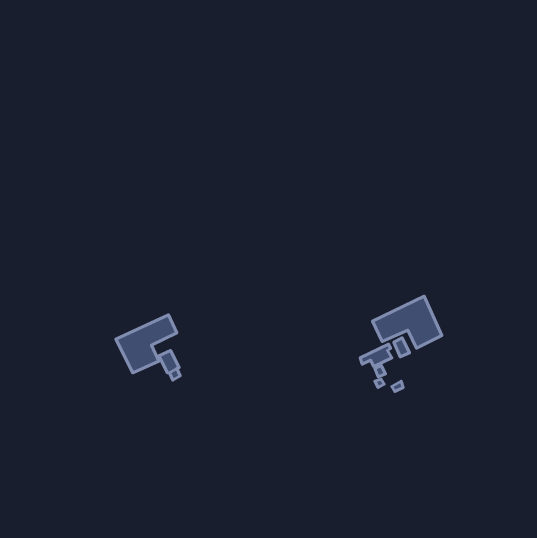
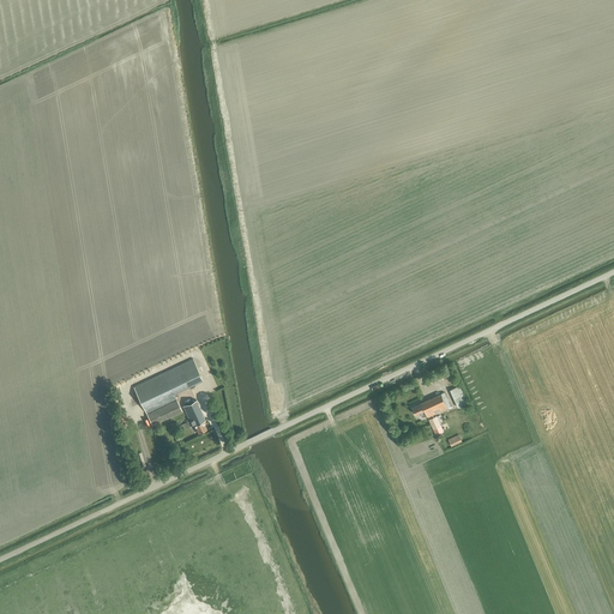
building: [373,296,442,348] -> none

